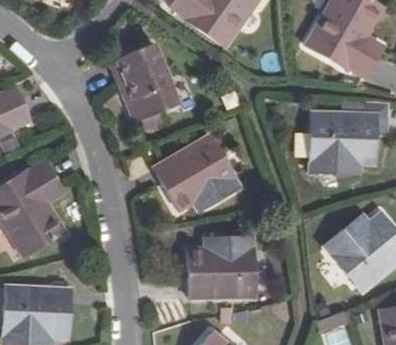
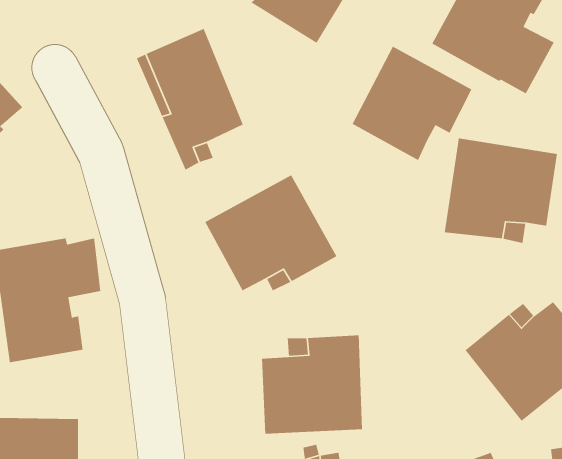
building: none -> [351,46,472,161]

